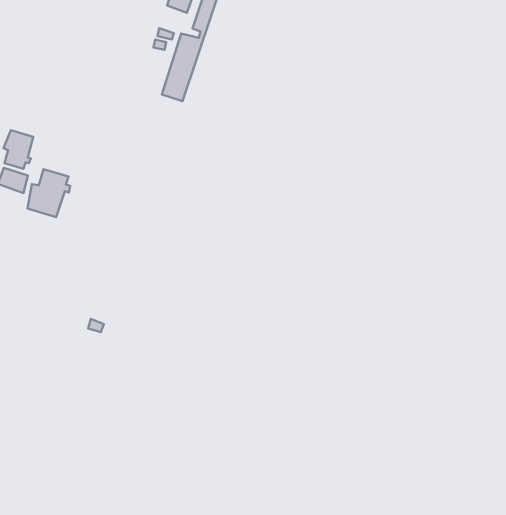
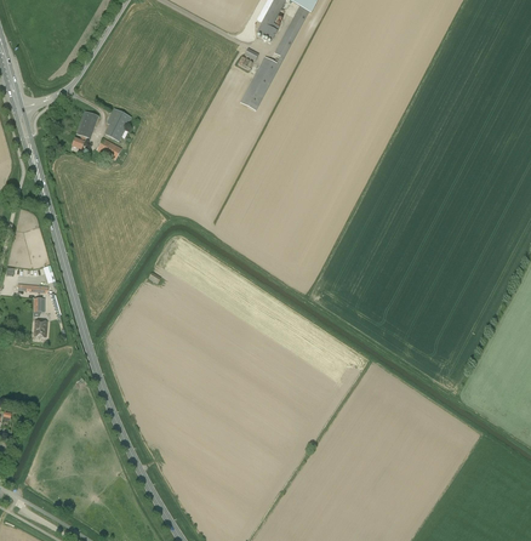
building: [27,169,70,217] -> none

